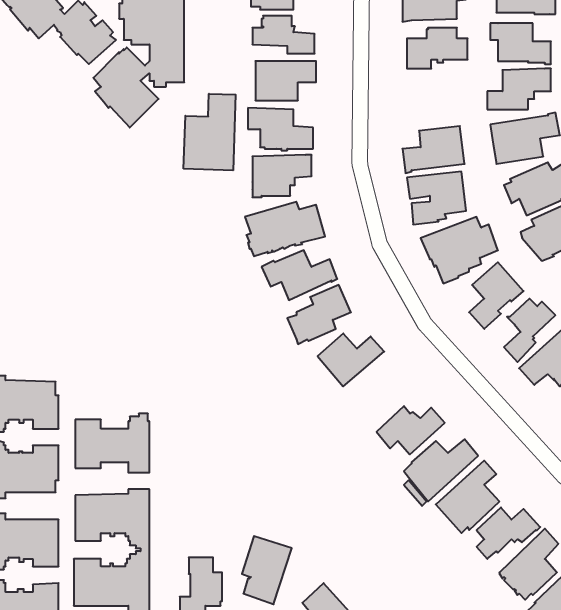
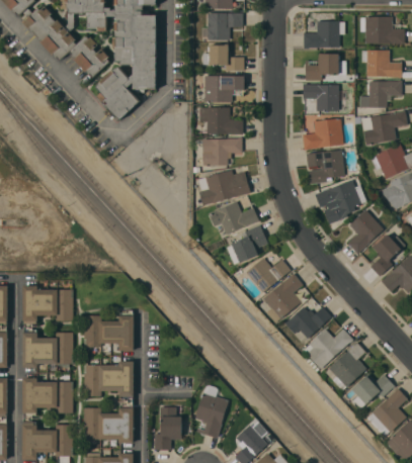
building: none -> [303,83,345,110]
building: [184,94,236,170] -> none
building: none -> [263,273,303,322]

